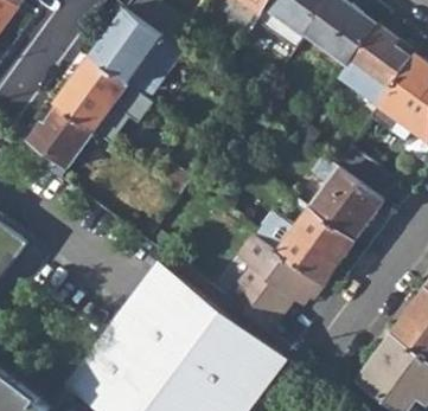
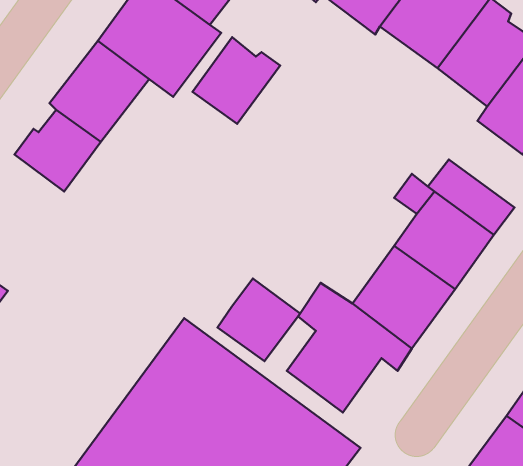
building: none -> [192,37,280,124]
building: none -> [218,279,300,361]

